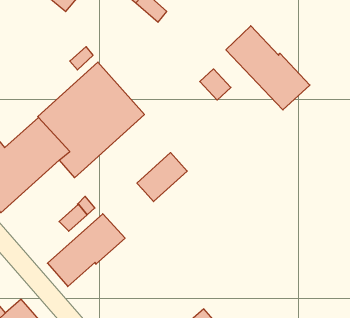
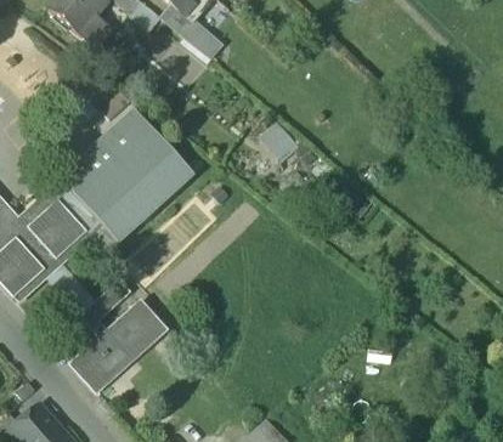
building: [226,26,310,110] -> none
building: [137,153,187,202] -> none

